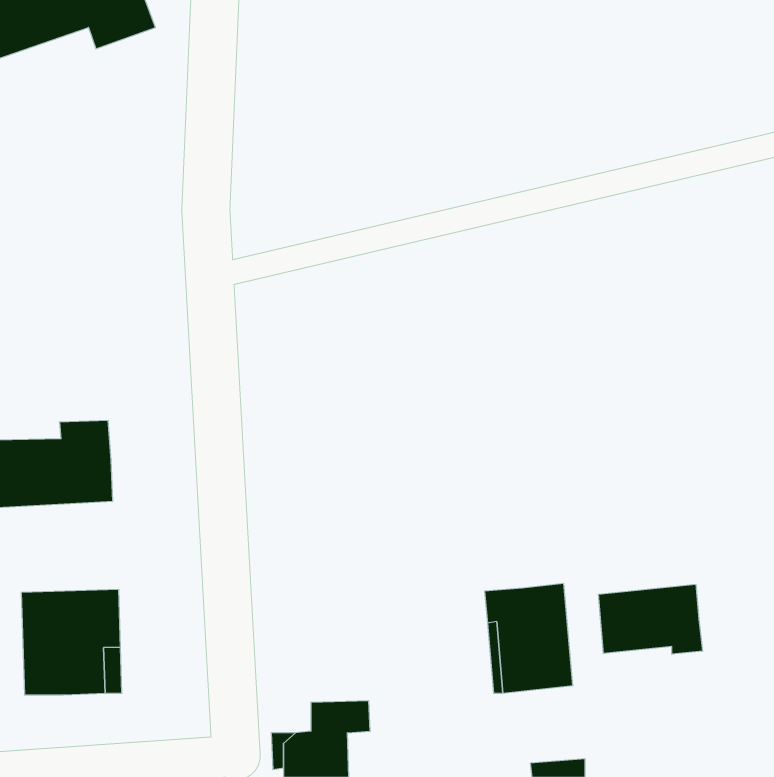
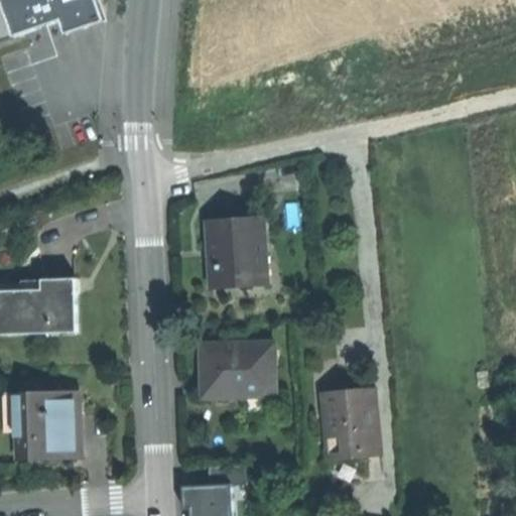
building: none -> [205,215,265,287]
building: none -> [199,342,275,400]
building: [599,584,702,654] -> none

